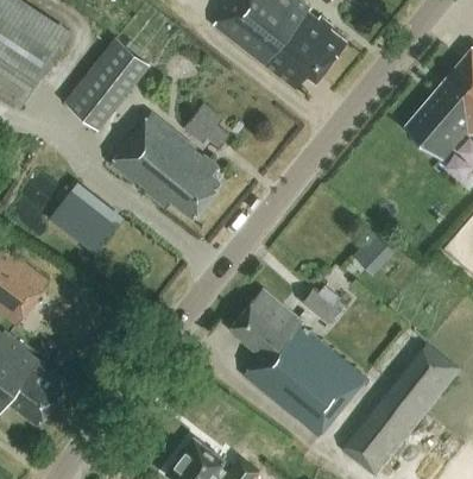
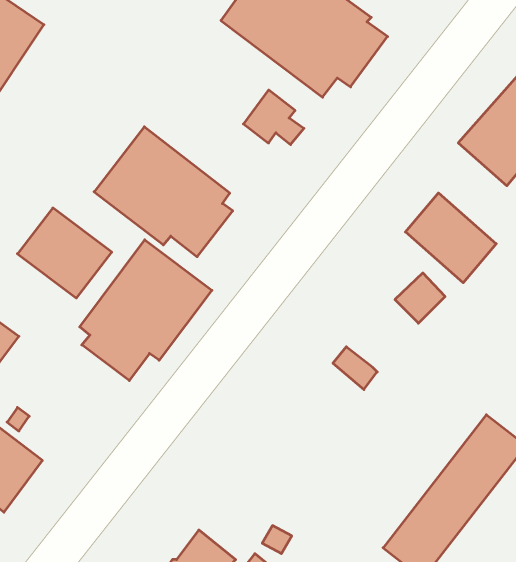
building: [69,44,146,127] -> none
building: [181,103,229,147] -> [243,90,304,145]
building: none -> [405,193,496,283]
building: none -> [80,240,212,381]
building: [229,289,365,436] -> none

